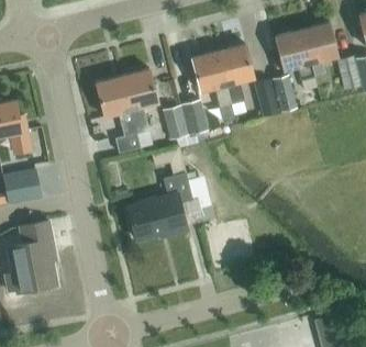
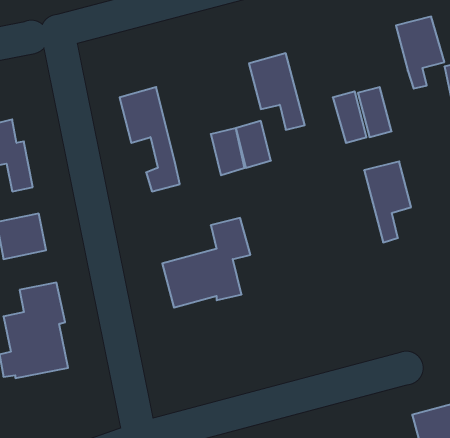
building: [275,30,314,80] -> none
building: [219,44,254,104] -> [364,161,411,242]
building: [122,69,157,134] -> none

